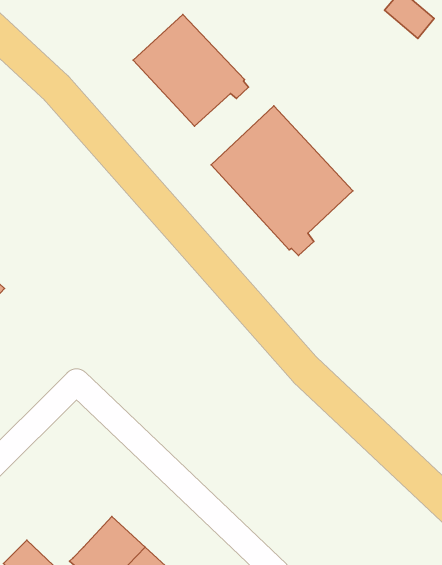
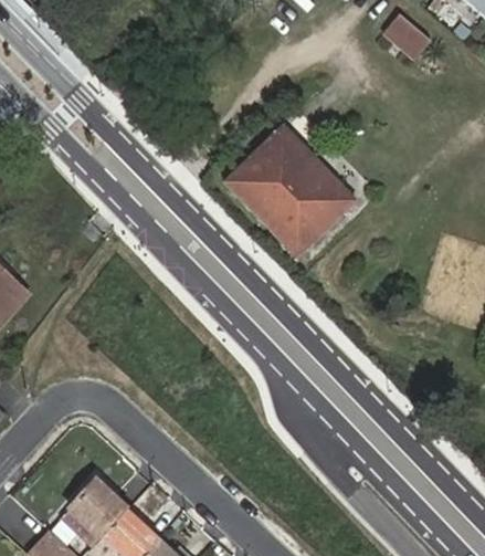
building: [133,14,248,126] -> none
building: none -> [62,479,134,547]

